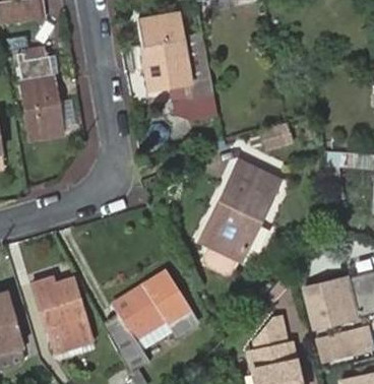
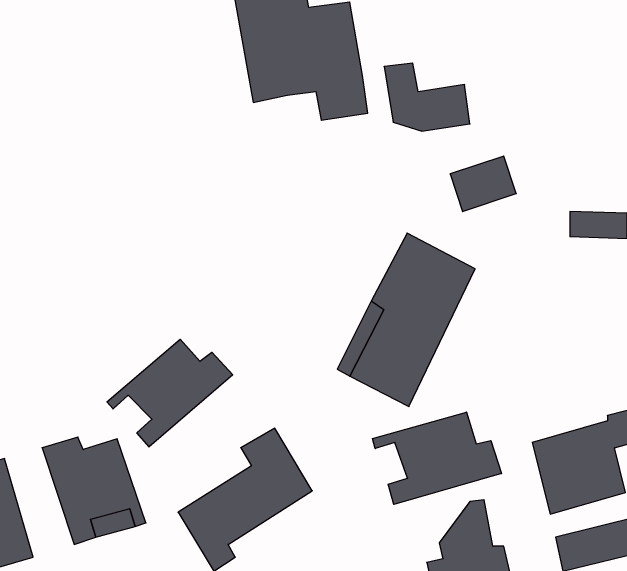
building: [17,55,62,138] -> none
building: [169,84,217,123] -> [384,63,470,131]
building: none -> [107,339,233,447]
building: none -> [372,412,501,504]

